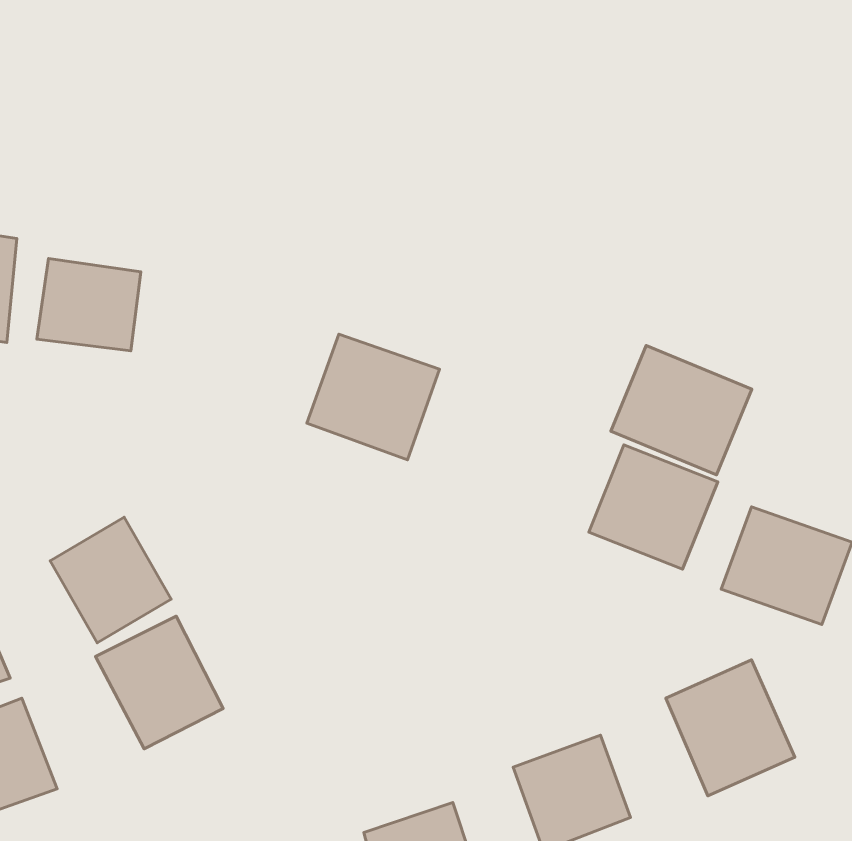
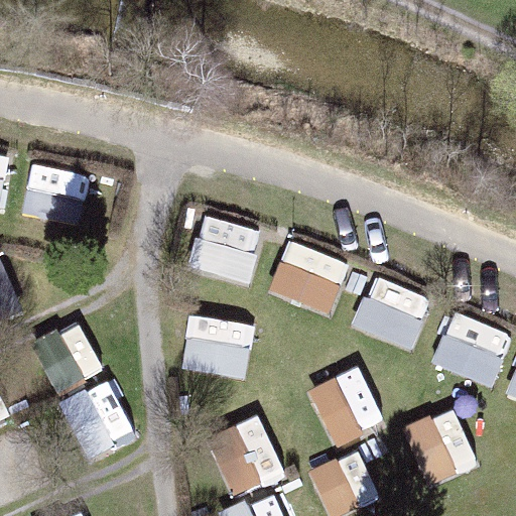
building: [611,346,752,475] -> [267,239,352,316]
building: none -> [180,314,254,379]
building: none -> [305,366,384,447]
building: none -> [205,415,283,497]

